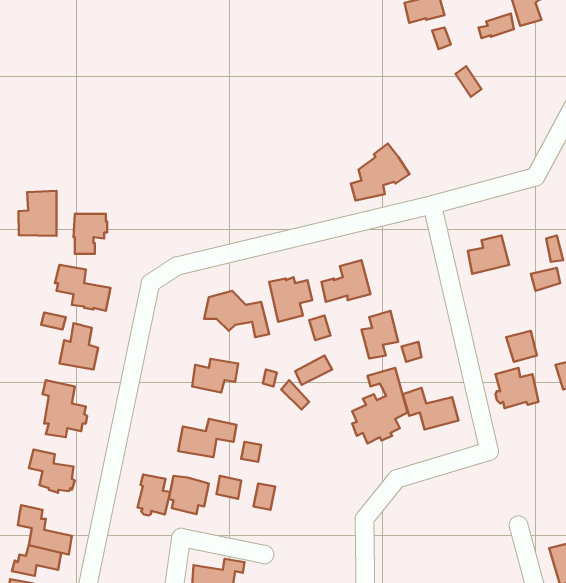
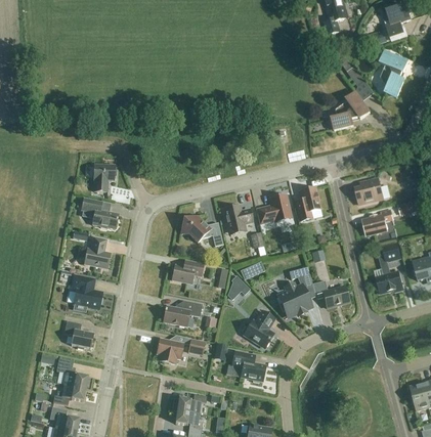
building: none -> [380,51,407,97]
building: [351,143,409,200] -> [331,91,370,129]
building: [18,191,56,236] -> none
building: none -> [362,208,393,234]
building: [361,311,398,359] -> [295,187,319,219]
building: none -> [244,310,274,347]
building: [138,474,170,516] -> none
building: none -> [231,351,265,382]

